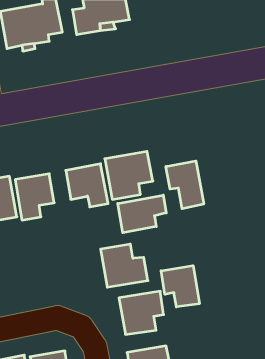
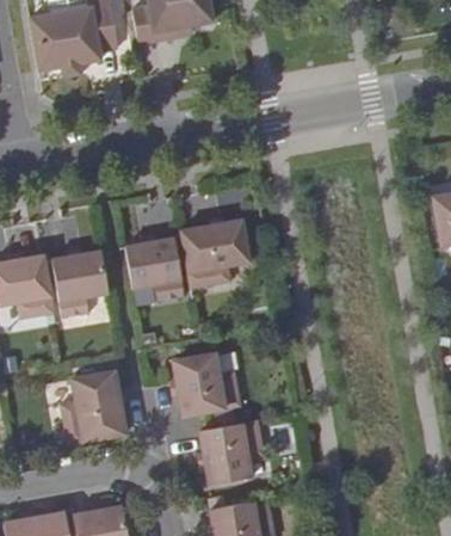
building: [166,161,204,209] -> none
building: [118,195,166,233] -> none
building: none -> [55,375,124,444]
building: [161,266,199,307] -> none

